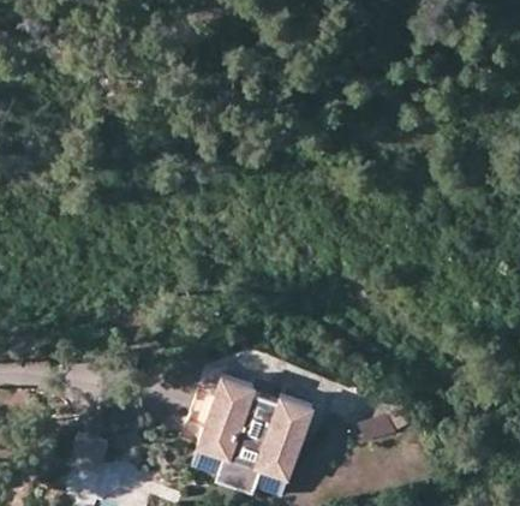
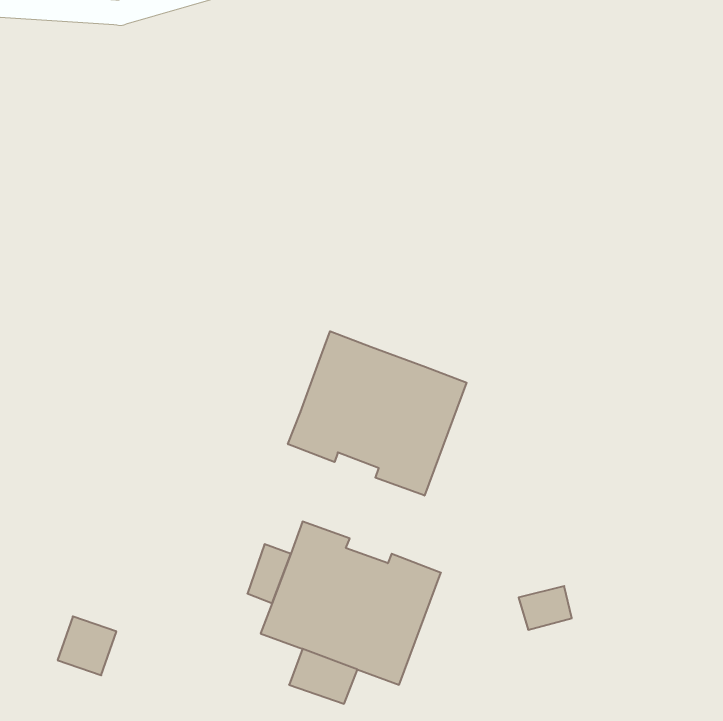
building: none -> [288,331,467,496]

